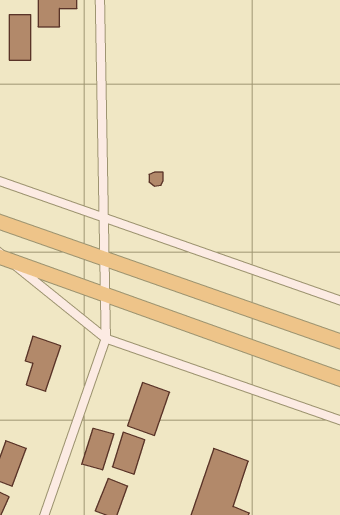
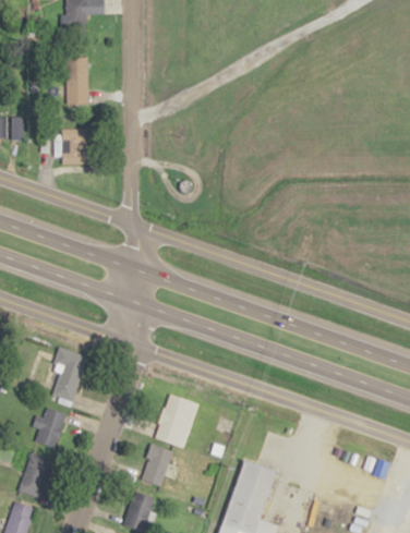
building: [9,15,31,60] -> [65,58,87,104]
building: none -> [51,130,91,165]
building: none -> [33,407,67,449]
building: [82,428,114,470] -> none

